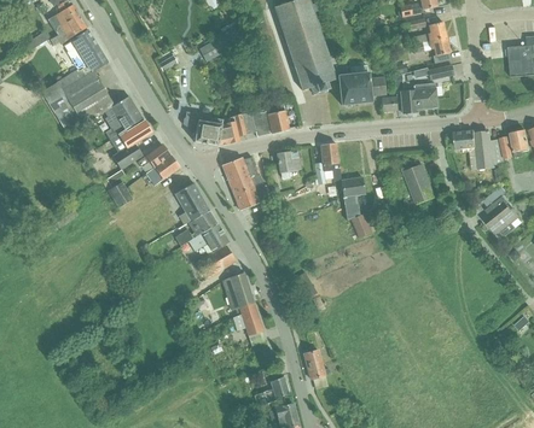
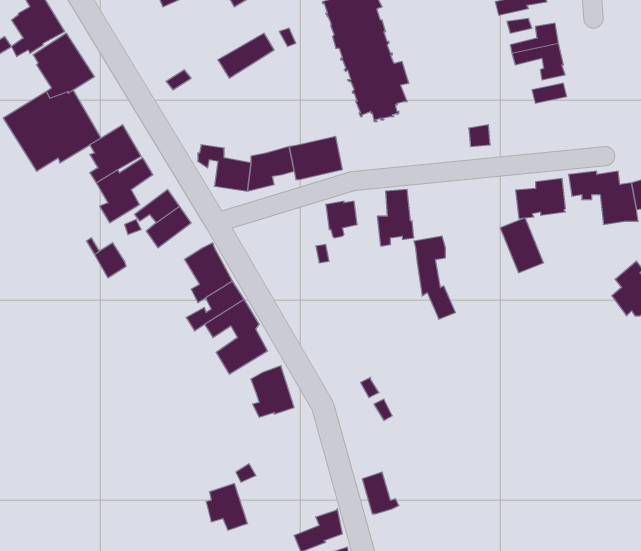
building: [338,64,384,106] -> none
building: [399,83,435,112] -> [516,179,565,219]
building: [222,156,269,209] -> none
building: [233,300,263,334] -> [206,484,248,530]

